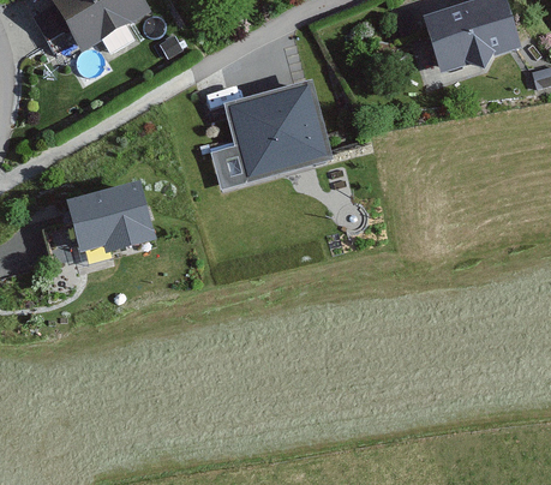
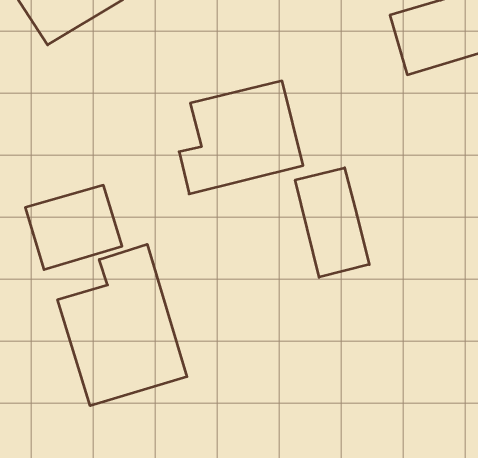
building: none -> [295,168,369,277]
building: none -> [58,244,187,406]

